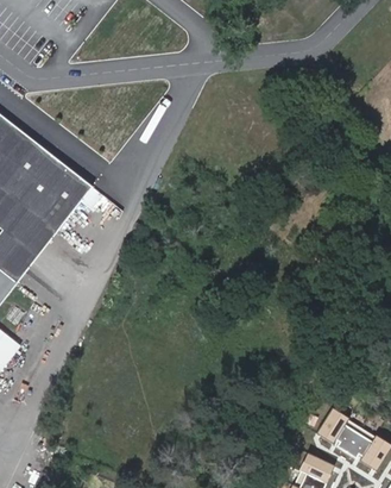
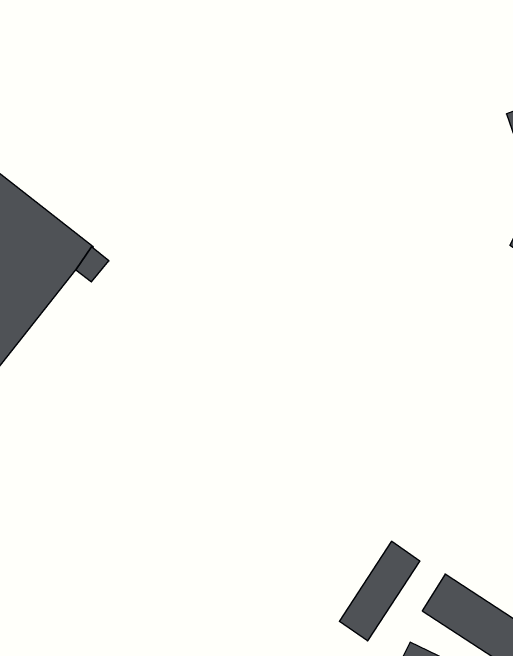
building: none -> [339,541,420,641]

